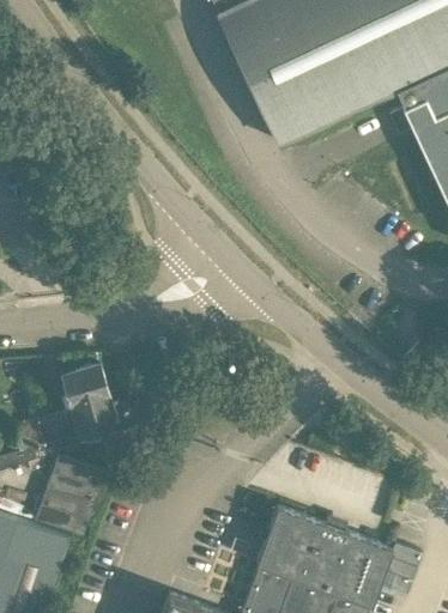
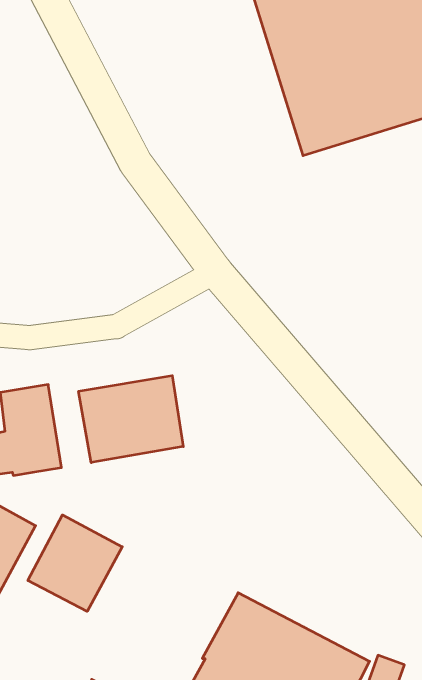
building: none -> [79,376,183,463]
building: none -> [28,515,122,611]

